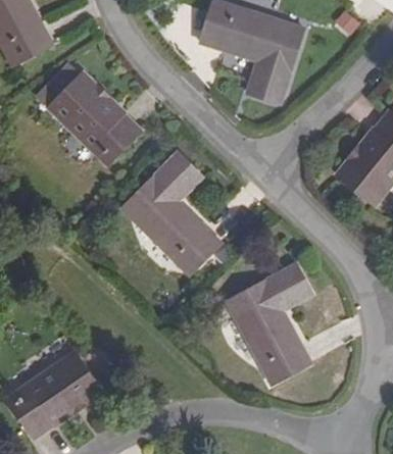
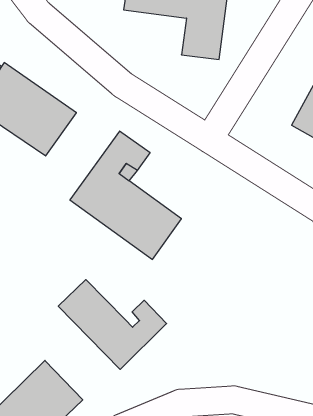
building: [227,264,311,384] -> none
building: none -> [58,280,167,369]

